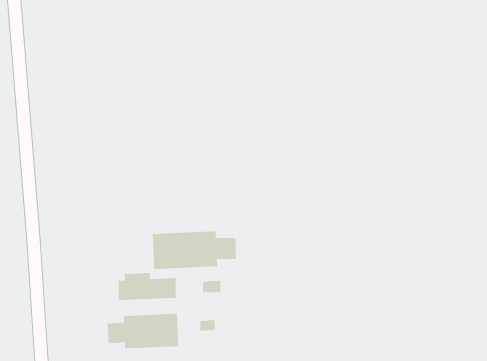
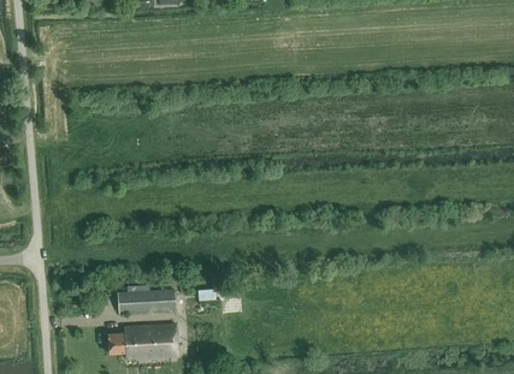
building: [152,231,236,270] -> none

